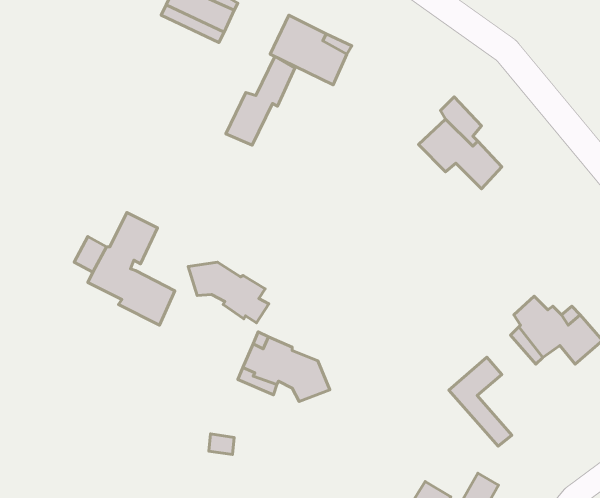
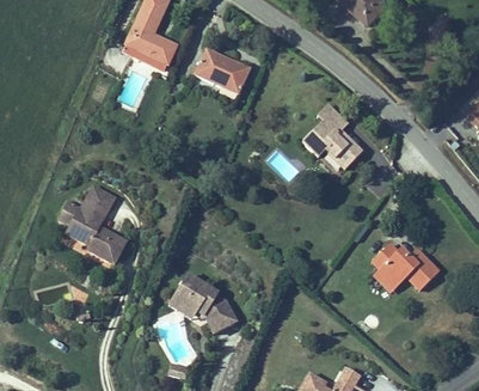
building: [226,57,295,145] -> none
building: [188,262,269,323] -> none
building: [449,357,512,446] -> none

